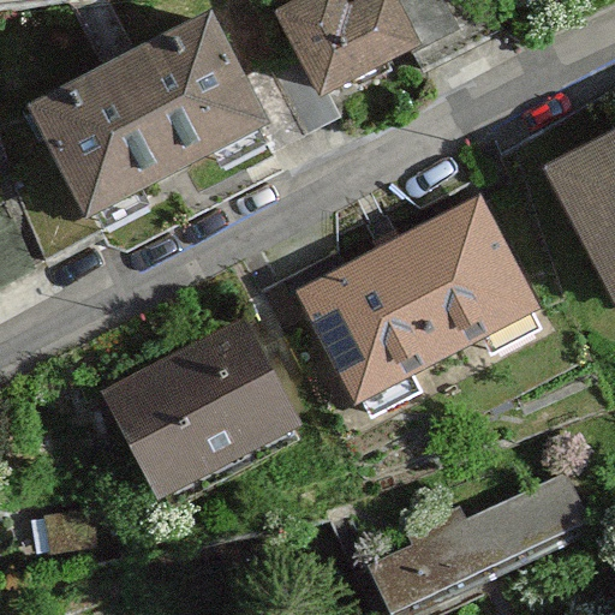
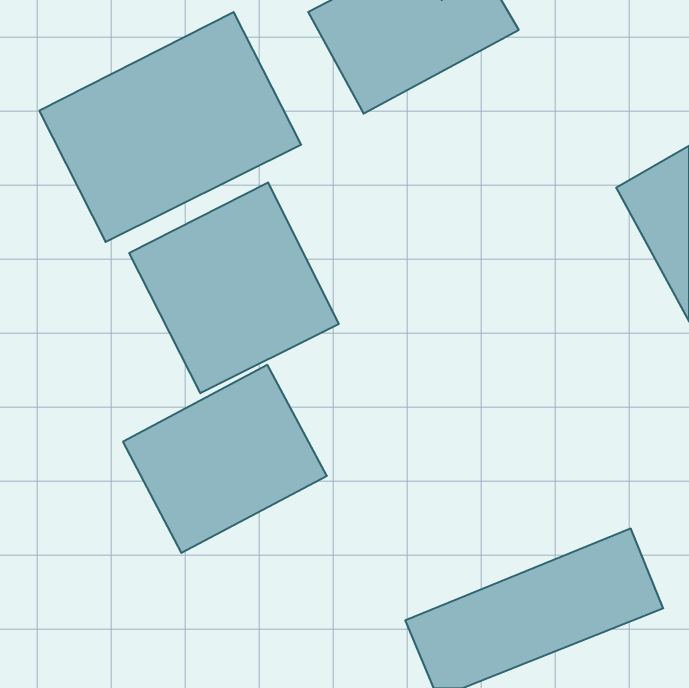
building: none -> [129,182,339,393]
building: [306,197,535,396] -> none

